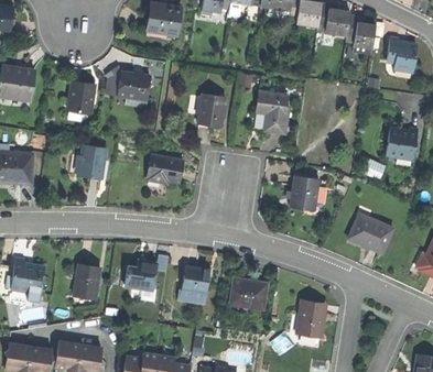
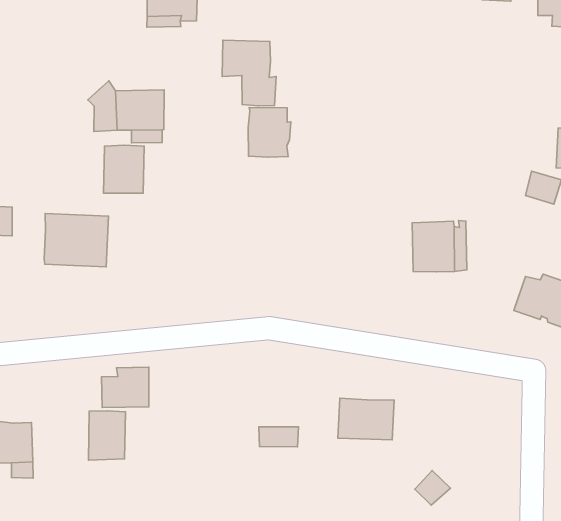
building: [67,81,96,113] -> [103,145,144,193]
building: [255,90,288,134] -> [222,40,276,106]
building: [148,155,184,182] -> none
building: [125,261,156,287] -> [102,367,149,407]
building: [182,265,209,292] -> none
building: [297,300,326,336] -> none

